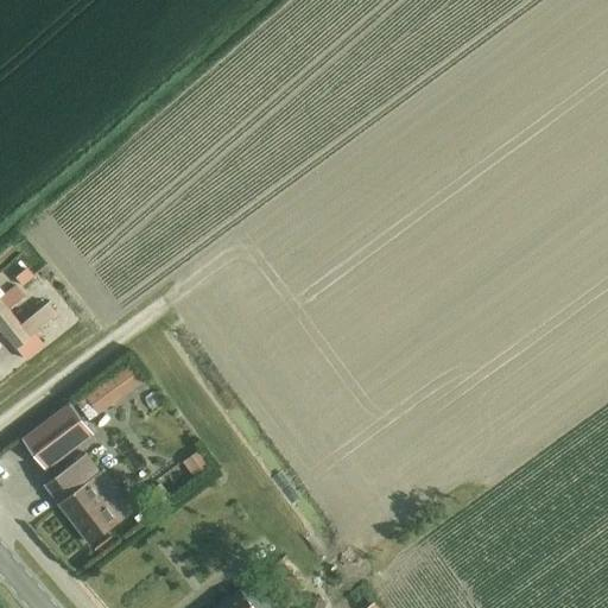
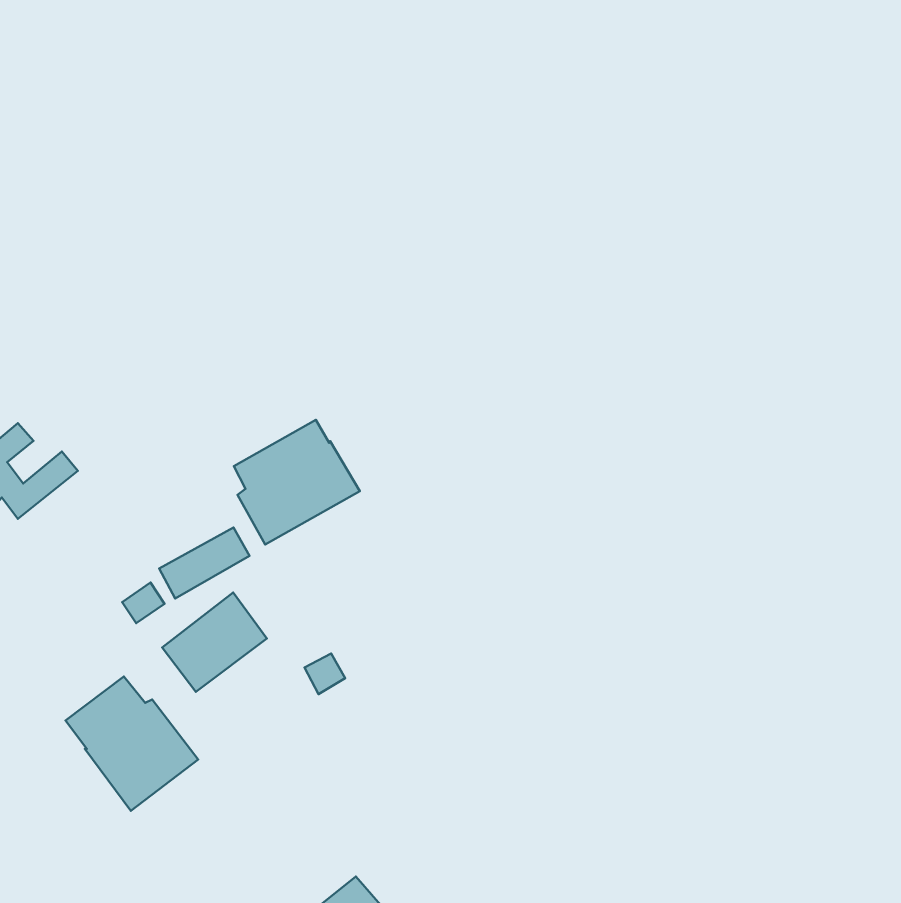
building: none -> [234,420,360,544]
building: [21,404,91,470] -> [162,593,267,692]

